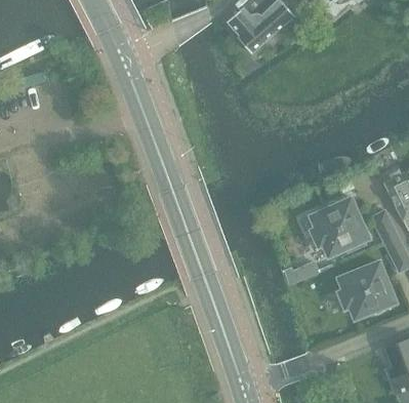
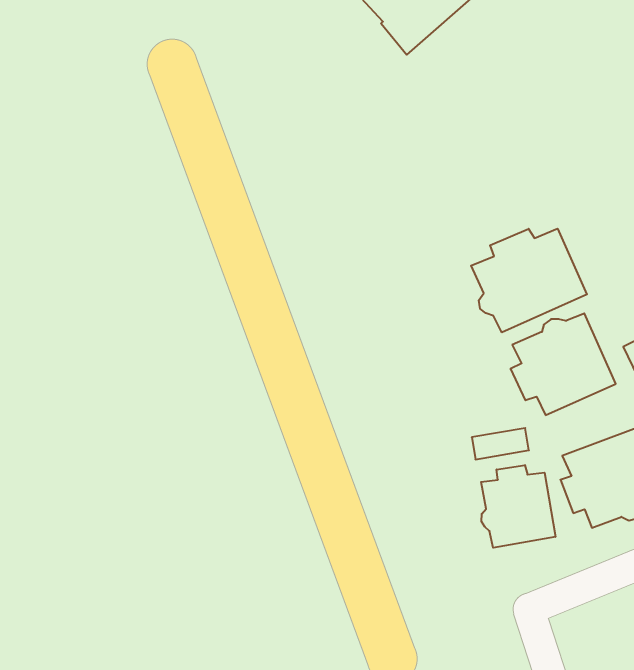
building: none -> [471,229,587,332]
building: none -> [481,465,555,548]

